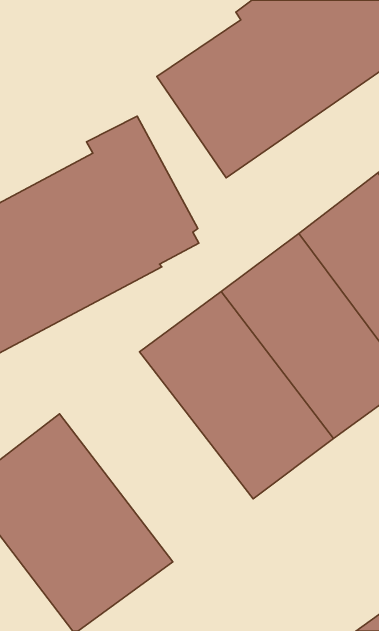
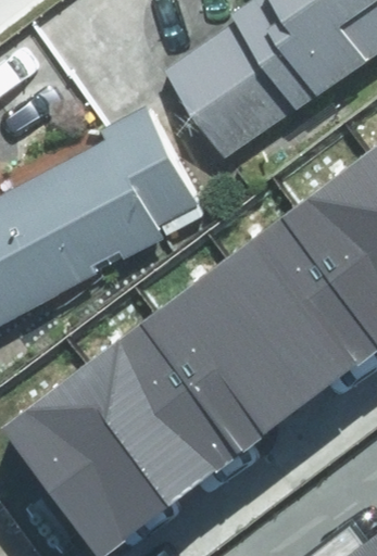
building: none -> [86,309,256,494]

